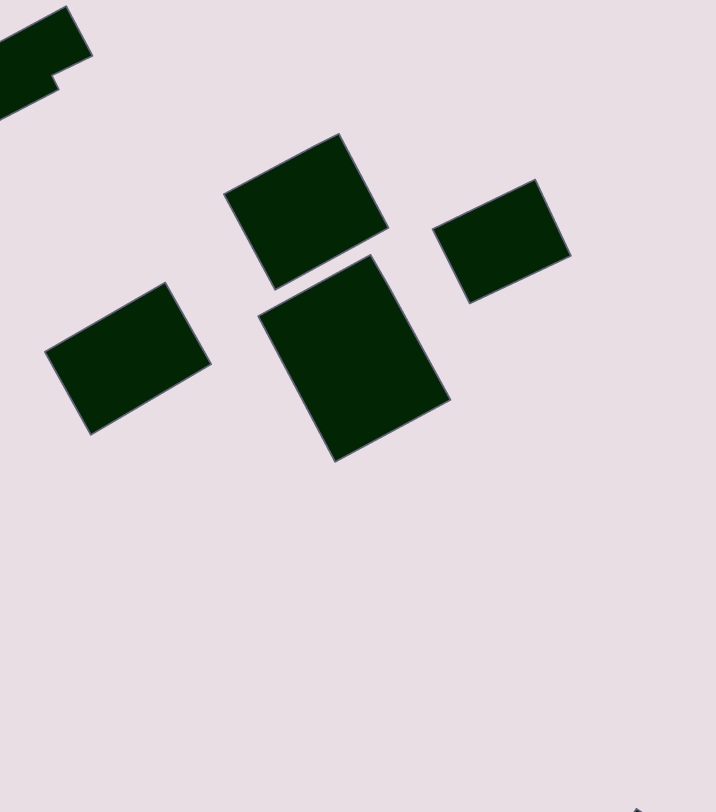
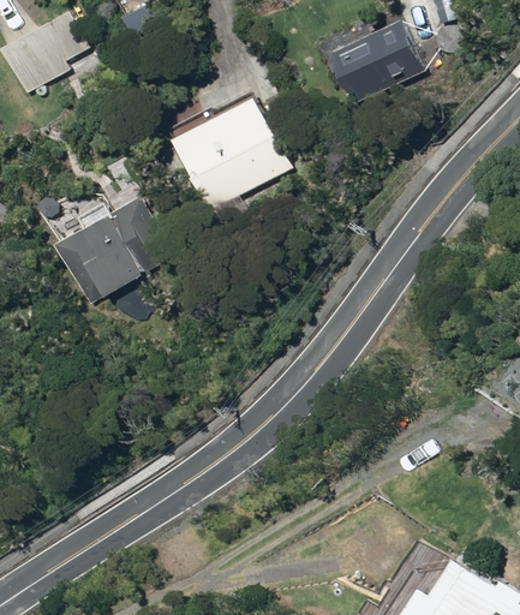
building: [433,180,571,304] -> [328,19,422,103]
building: [258,255,450,462] -> none

